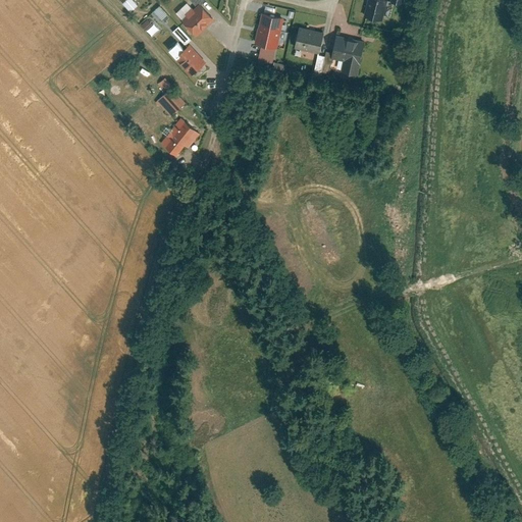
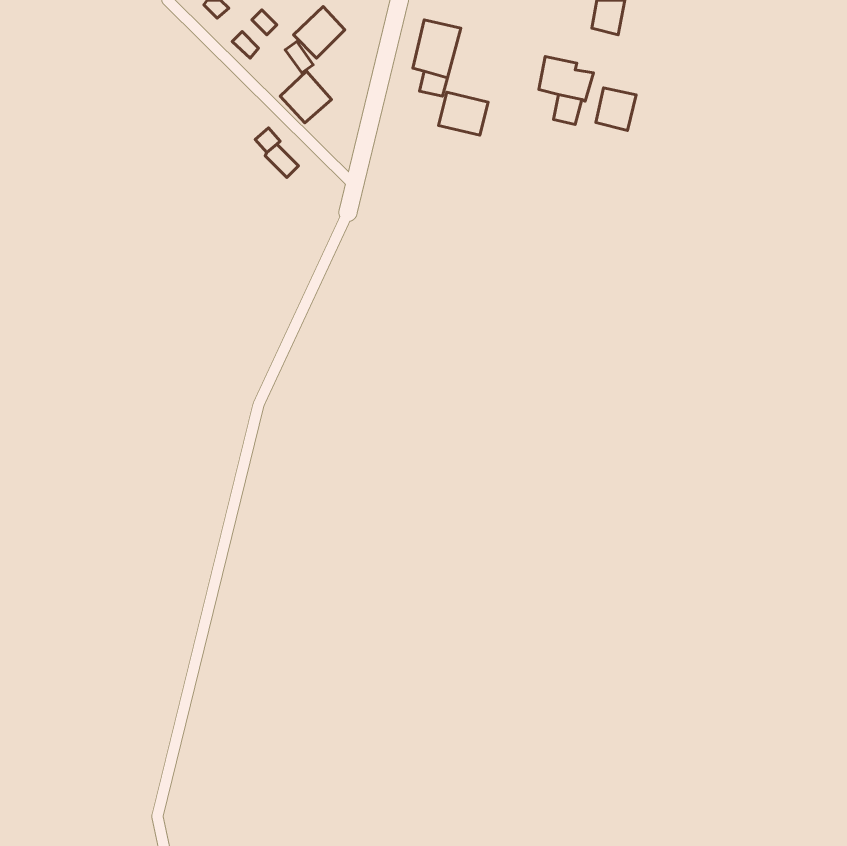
building: [294,28,324,54] -> [438,92,488,135]
building: none -> [596,88,636,130]
building: [162,119,199,155] -> none

